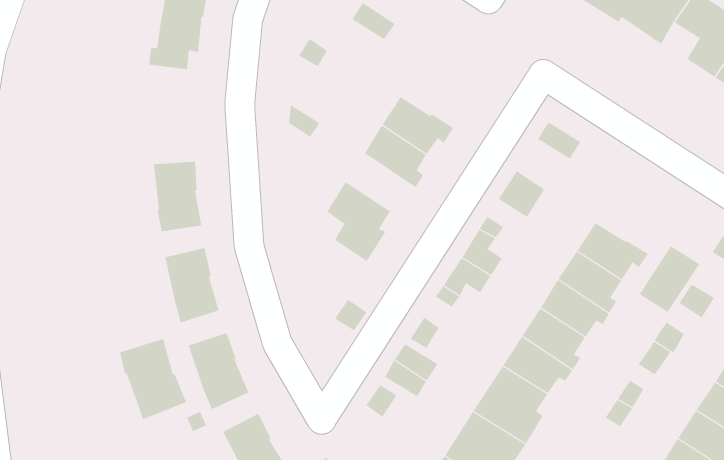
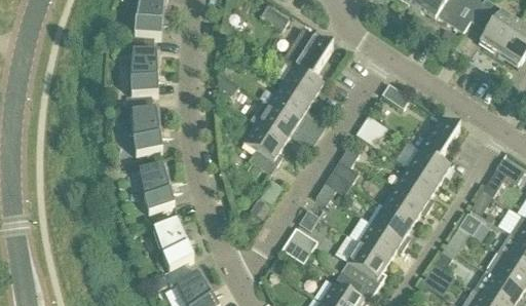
building: none -> [283,26,333,77]
building: none -> [130,49,160,93]
building: none -> [252,99,303,140]
building: [639,245,700,313] -> [420,115,460,159]
building: [119,338,187,420] -> none

